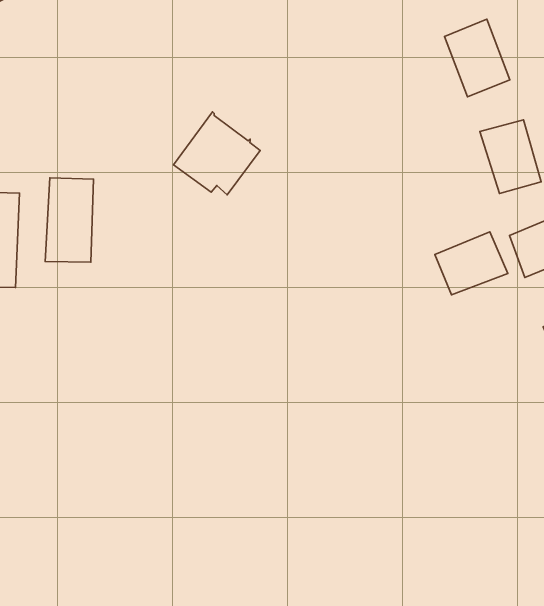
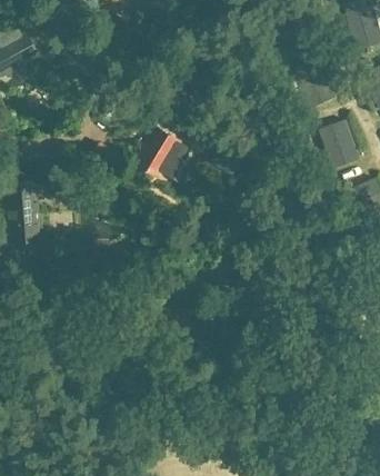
building: [45,178,94,262] -> none
building: [435,232,508,295] -> none

